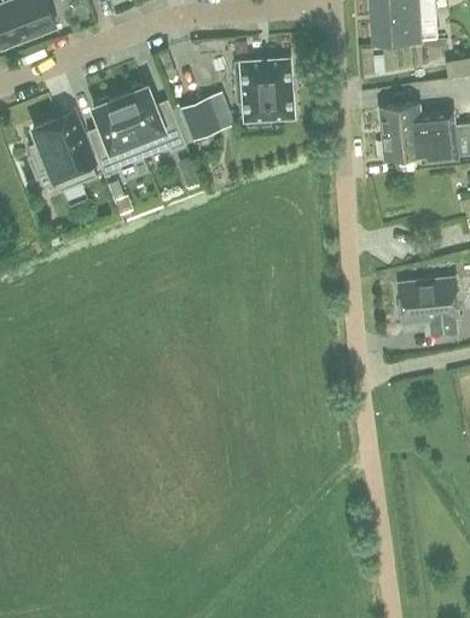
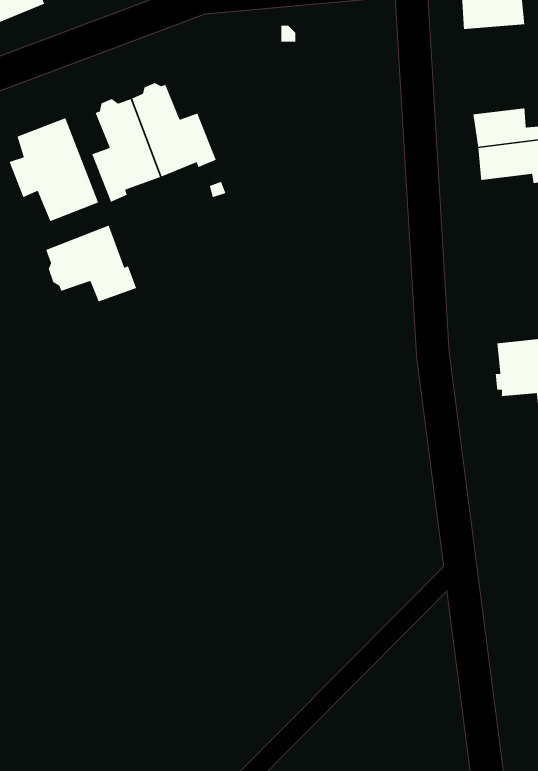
building: [236,57,294,124] -> none
building: [181,97,221,140] -> none
building: none -> [45,225,137,302]

